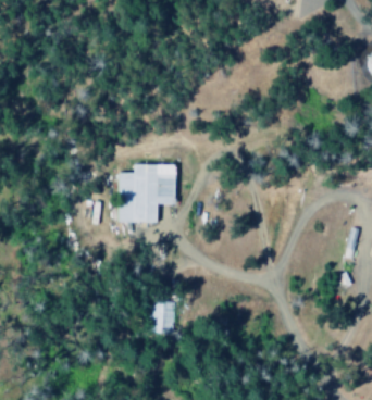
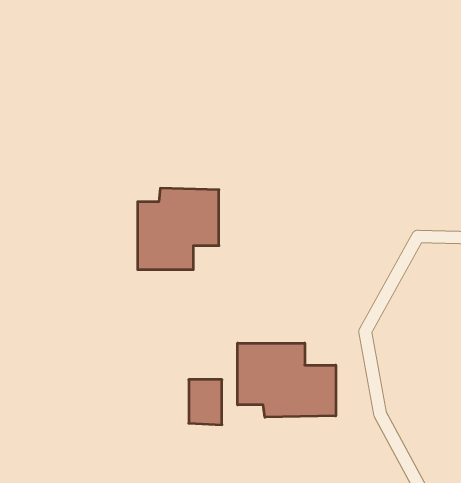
building: none -> [238,343,336,417]

